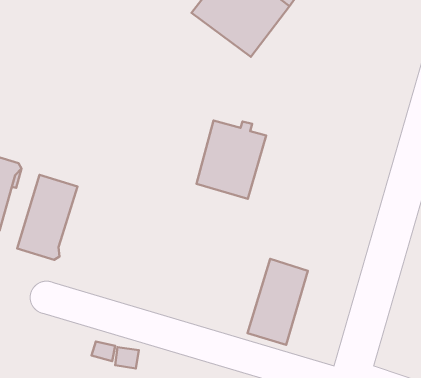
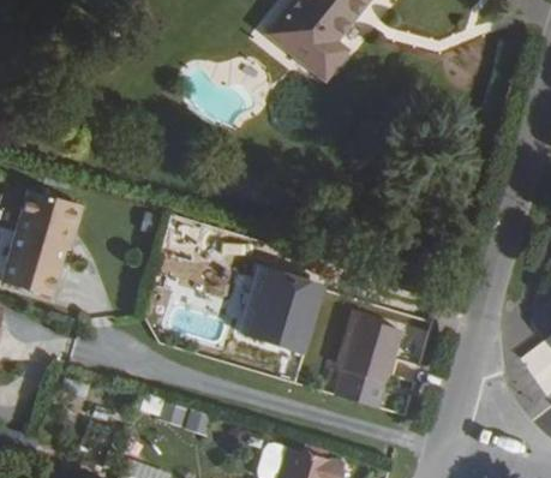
building: [196,120,266,199] -> [244,259,322,347]
building: [17,175,77,260] -> none

